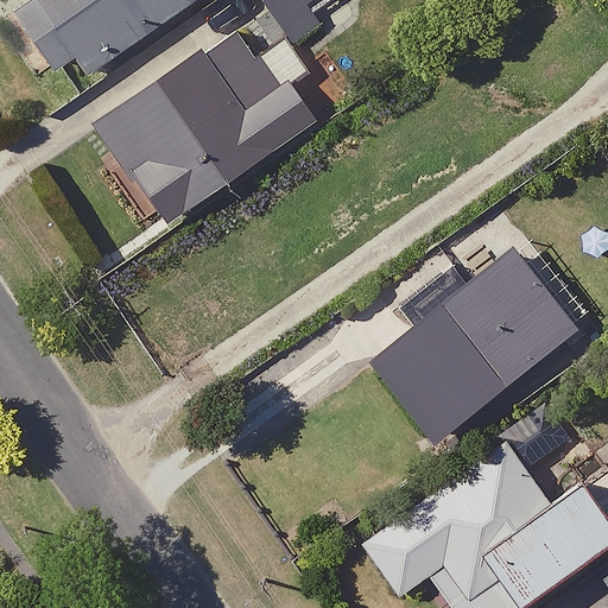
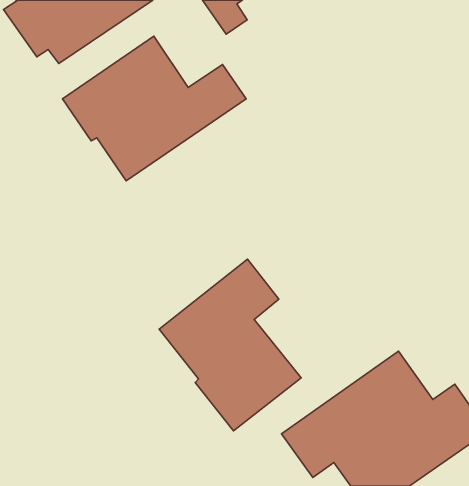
building: [370,246,580,442] -> none
building: none -> [159,259,301,431]

